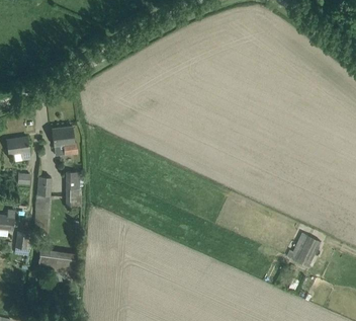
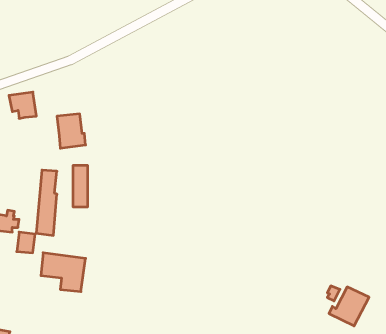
building: [6,137,30,160] -> [9,92,36,118]
building: [286,232,322,266] -> [329,287,369,326]

